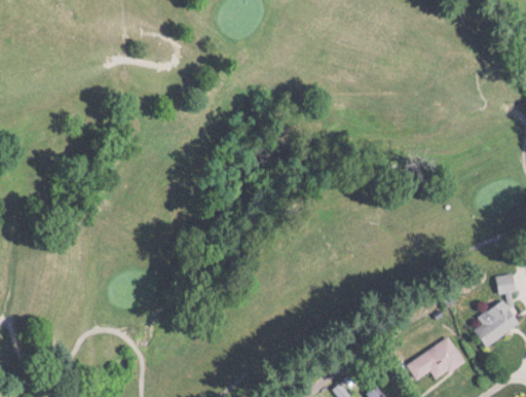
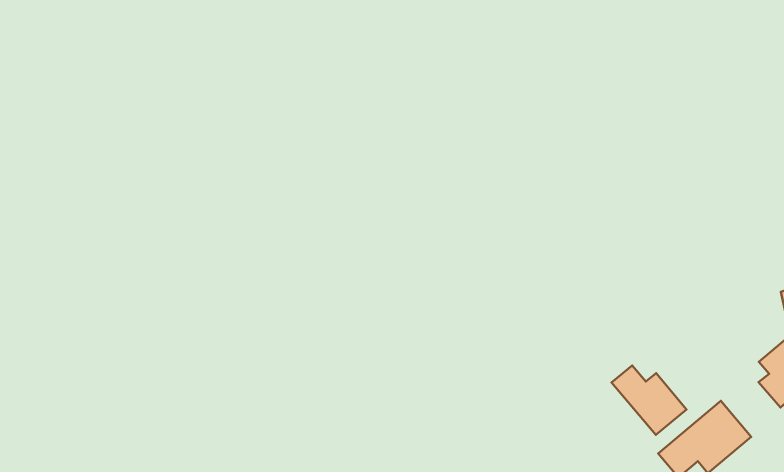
building: none -> [612,365,686,435]

